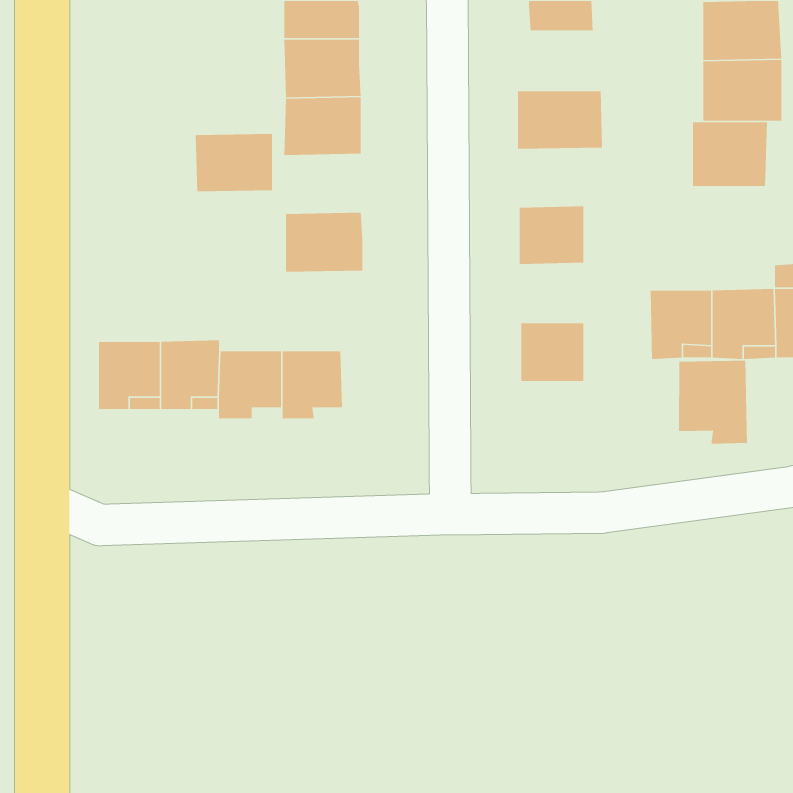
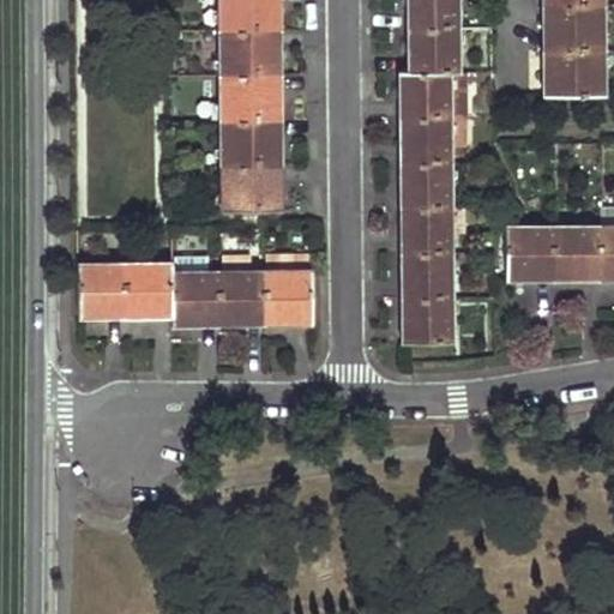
building: none -> [409,26,459,72]
building: [692,122,768,187] -> none
building: [195,133,273,192] -> [221,121,281,167]
building: none -> [401,116,466,162]
building: none -> [402,205,452,251]
building: none -> [265,272,313,325]
building: [678,360,748,444] -> none
building: none -> [403,296,452,342]

